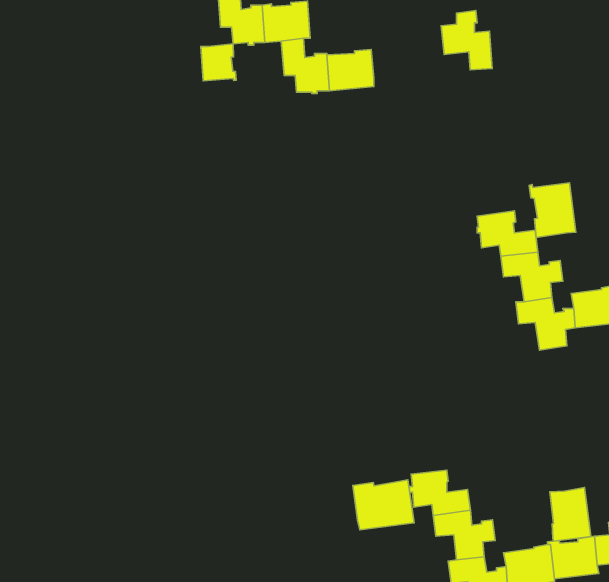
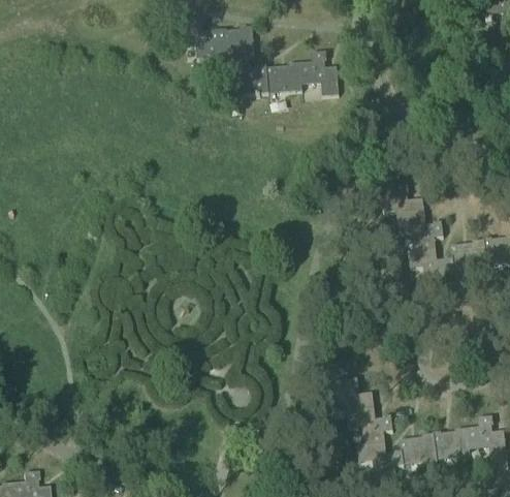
building: [441,11,492,70] -> [299,51,338,95]
building: [201,44,236,81] -> none
building: [529,183,576,238] -> none
building: [353,480,414,530] -> none
building: [550,487,591,541] -> none

